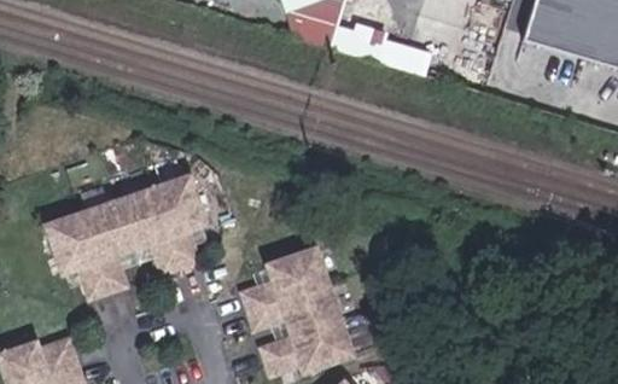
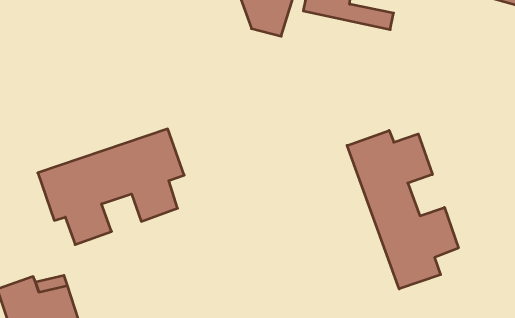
building: none -> [347,130,458,289]
building: [247,243,360,366] -> none

